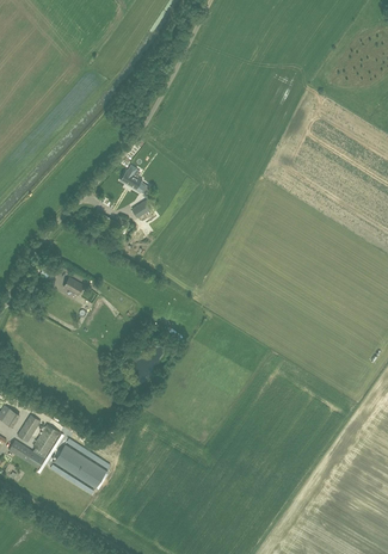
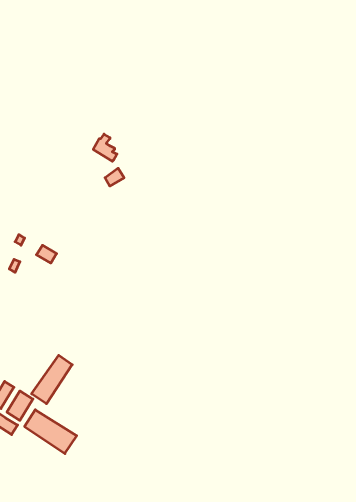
building: none -> [32,355,72,404]

